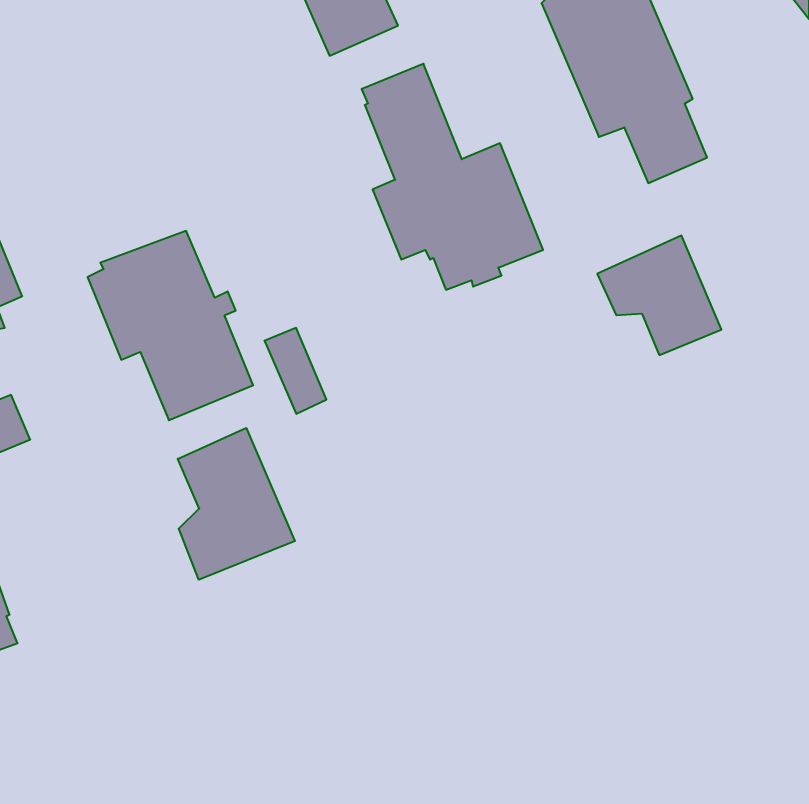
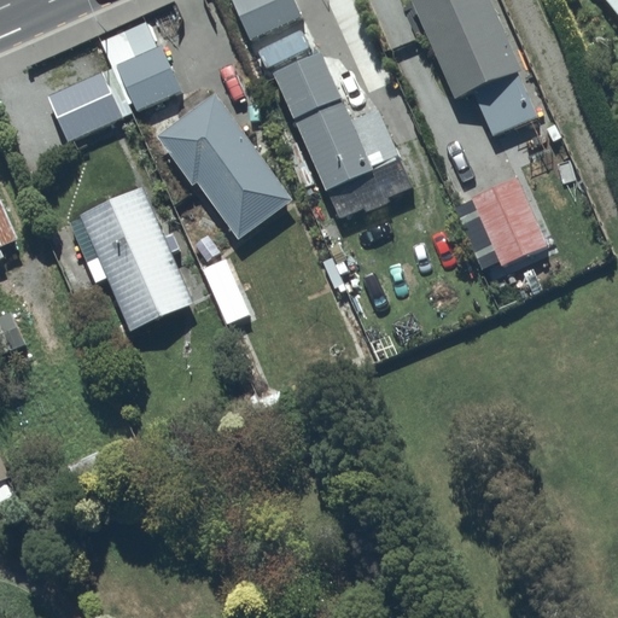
building: none -> [46,22,180,142]
building: none -> [156,94,292,241]
building: [178,428,295,580] -> none

